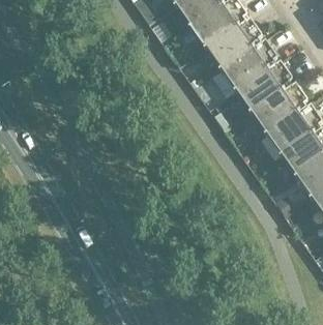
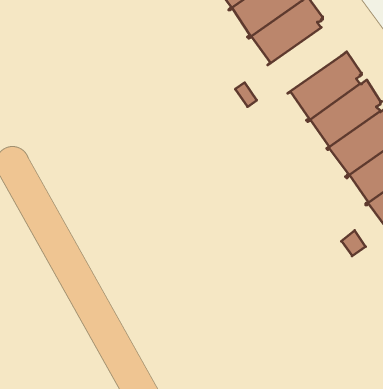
building: [213,40,270,93] -> none

